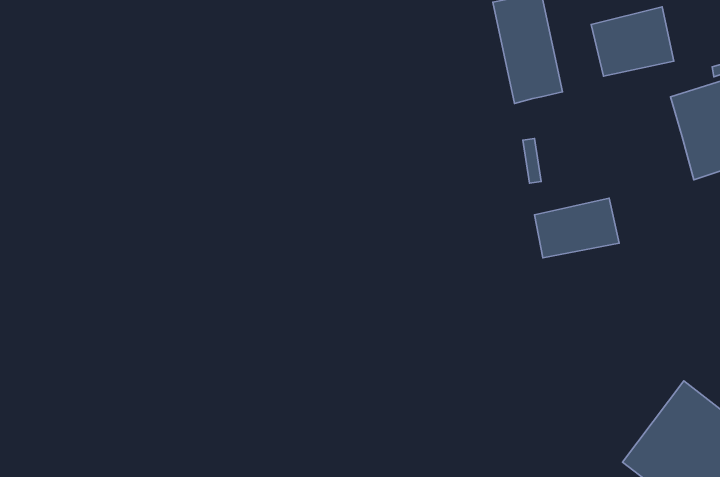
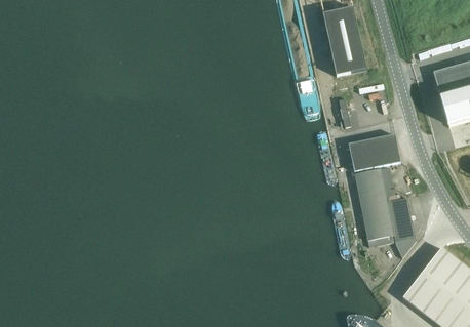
building: [591,7,674,76] -> none
building: none -> [355,166,416,256]

